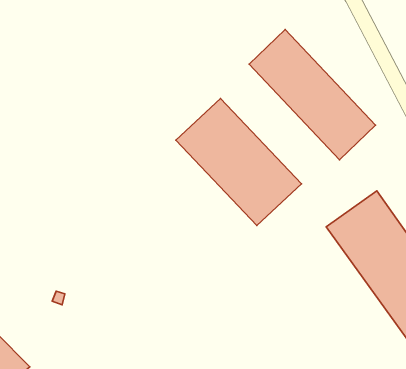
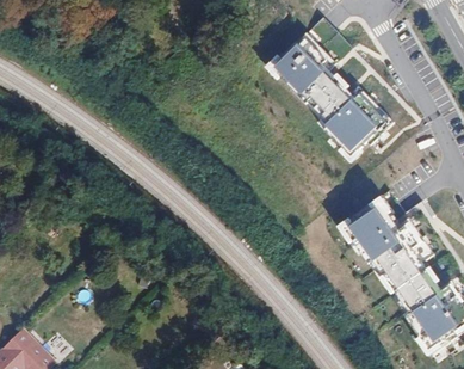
building: [176,98,301,226] -> none

